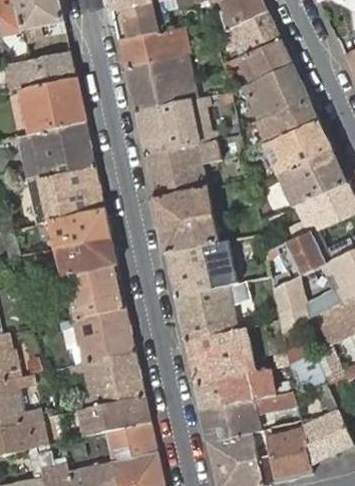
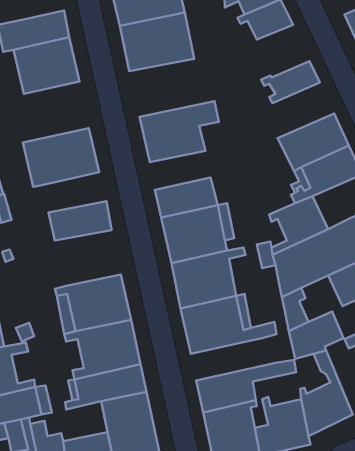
building: [245,66,309,119] -> none
building: [133,97,217,155] -> none
building: [18,121,94,180] -> none
building: [264,122,333,176] -> none
building: [152,188,213,226] -> none
building: [50,208,111,249] -> none
building: [61,266,125,320] -> none
building: [194,371,276,412] -> none

